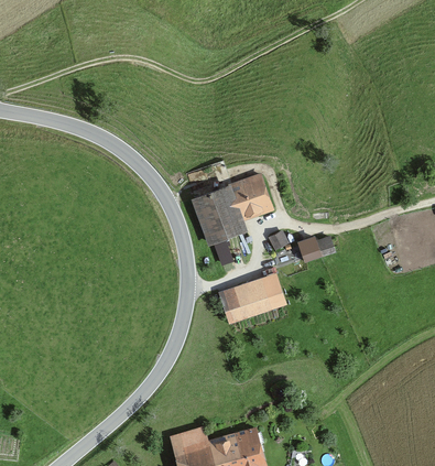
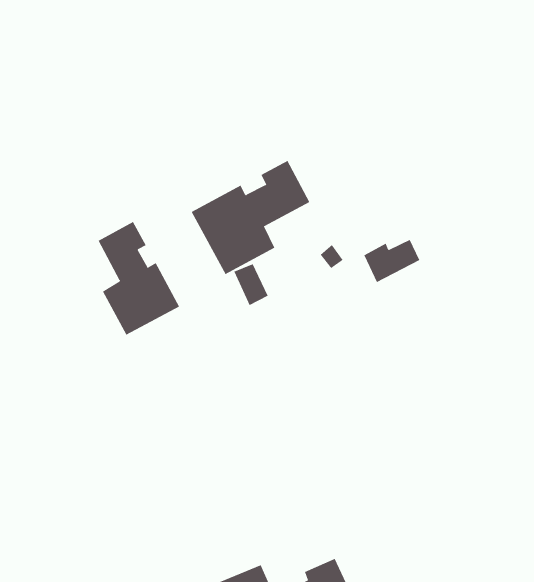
building: none -> [98,221,180,336]
building: [221,281,283,321] -> none

